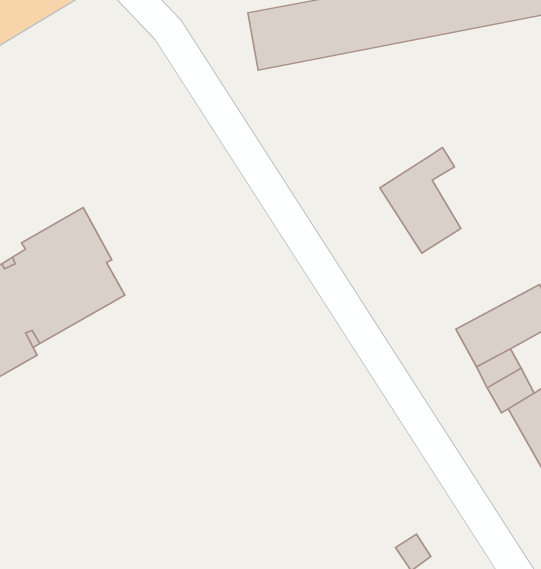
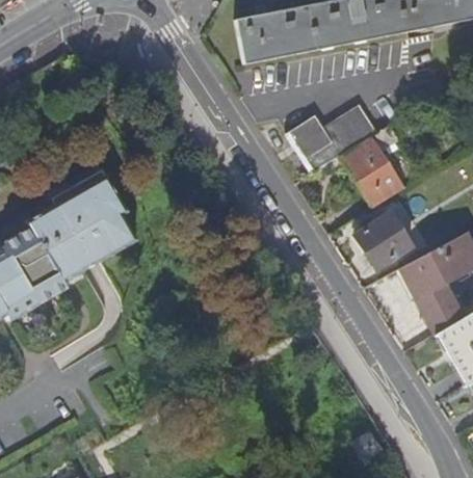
building: none -> [288,104,376,171]
building: none -> [352,212,410,268]

